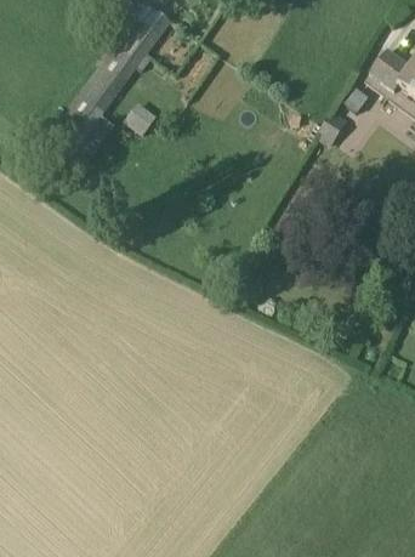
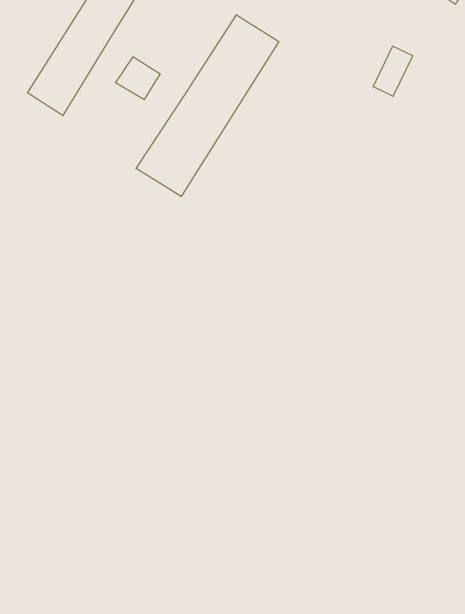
building: none -> [136,15,279,197]

